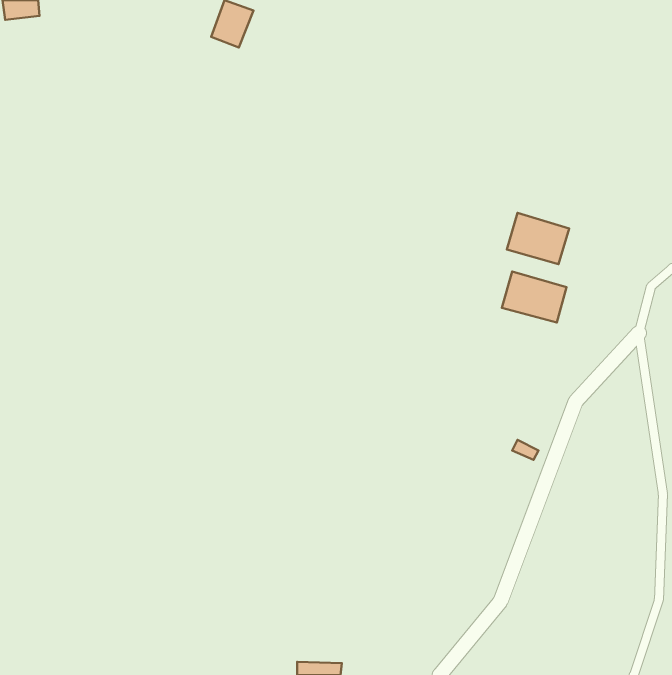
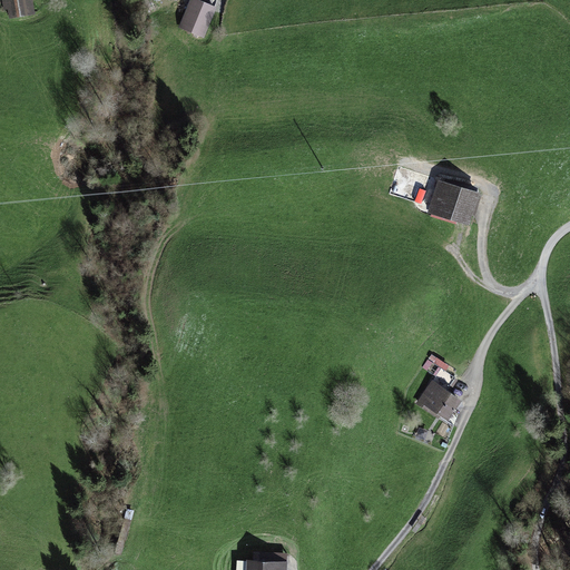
building: [502,271,567,323] -> none
building: none -> [416,381,456,417]

